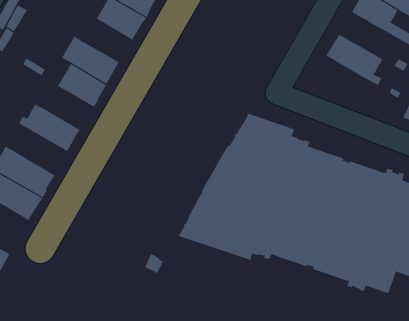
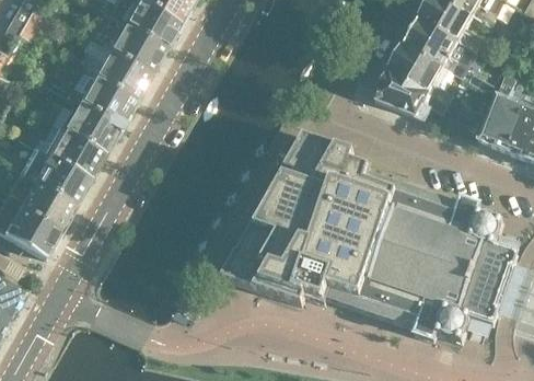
building: none -> [86,12,163,74]
building: none -> [403,16,476,76]
building: none -> [373,67,449,117]
building: none -> [49,102,119,153]
building: none -> [18,146,89,206]

